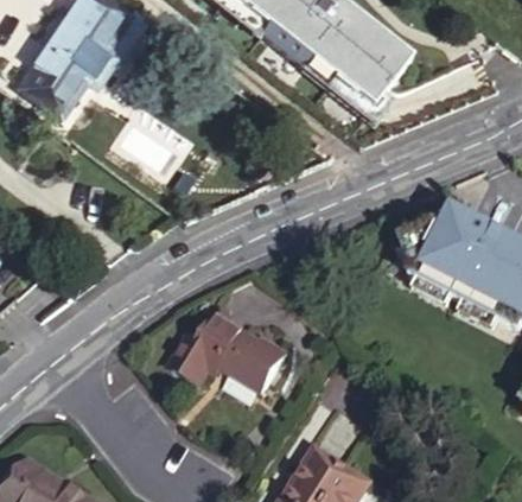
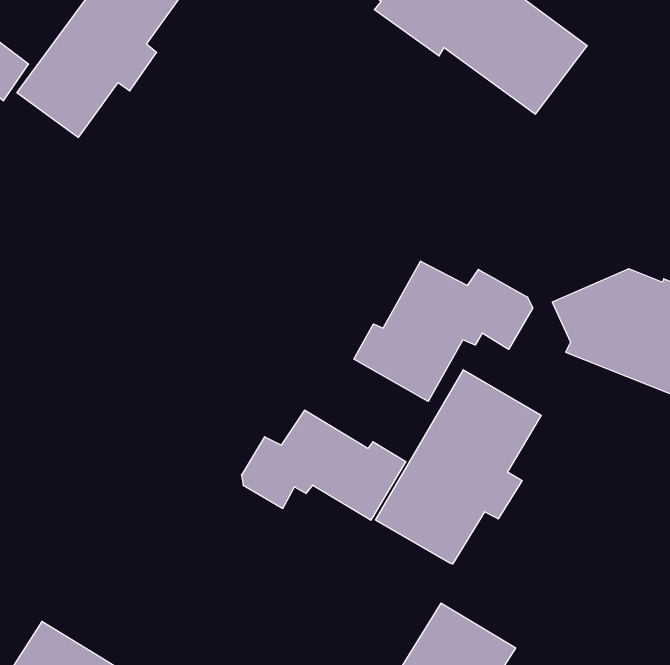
building: none -> [354,261,533,401]
building: none -> [376,370,541,564]

